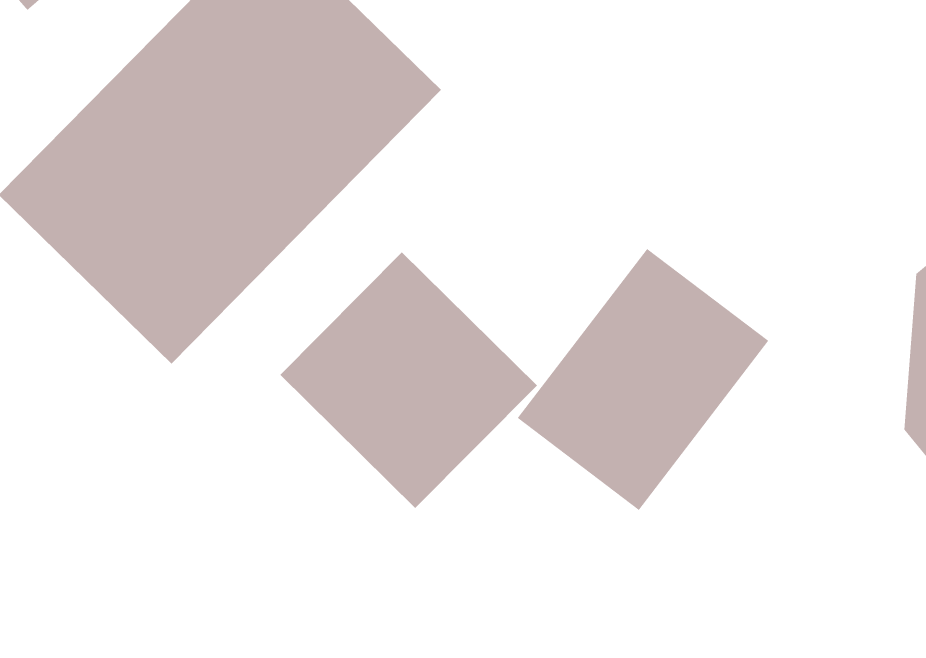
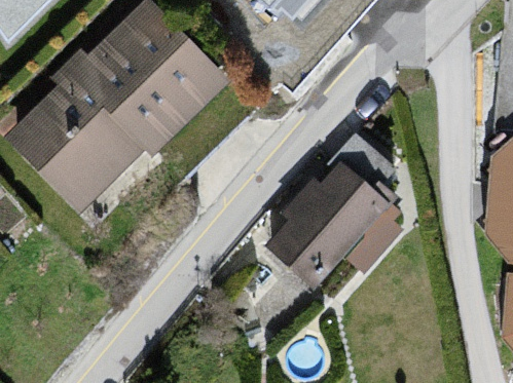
building: [279,251,538,509] -> none

